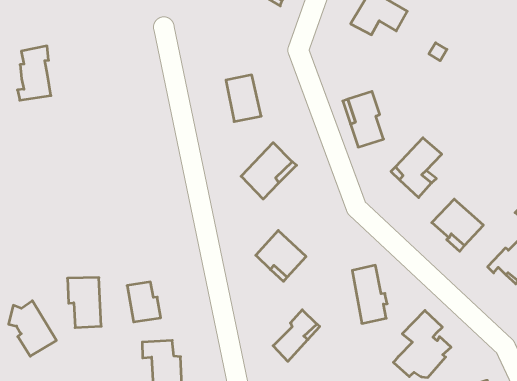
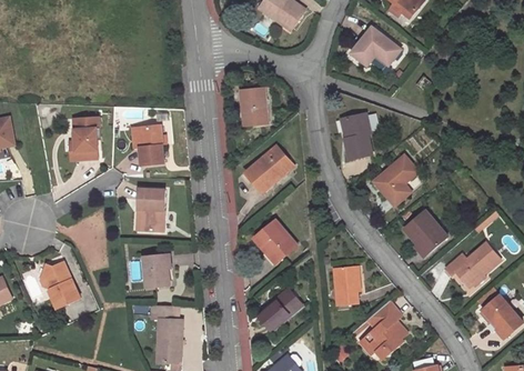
building: [17,46,51,100] -> [67,114,95,158]
building: none -> [135,123,162,163]
building: [67,278,101,328] -> [135,187,163,230]

